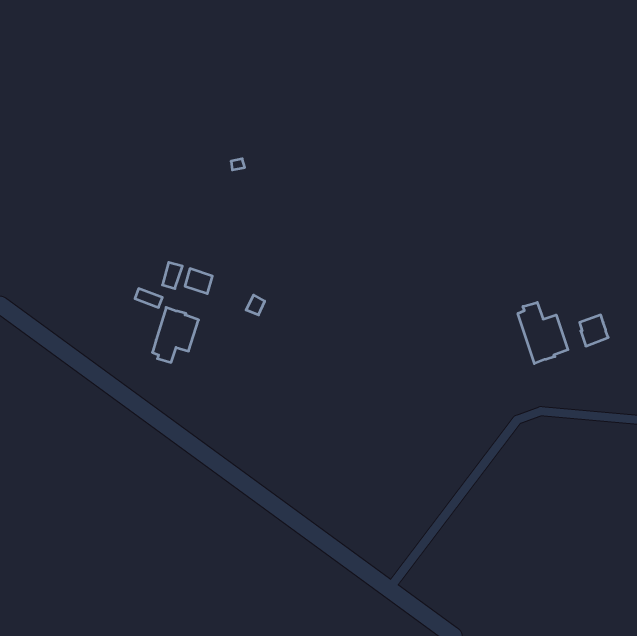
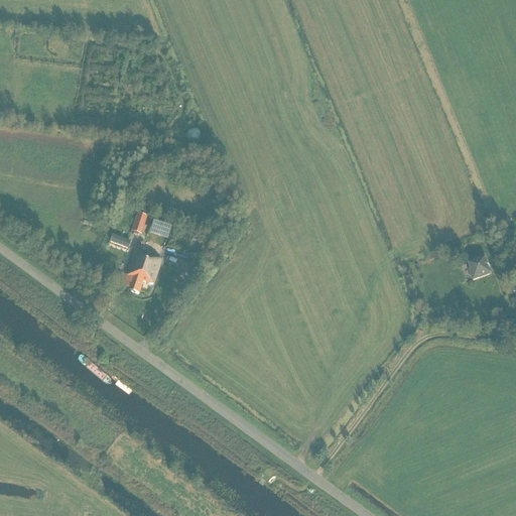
building: [518,302,568,364] -> none

